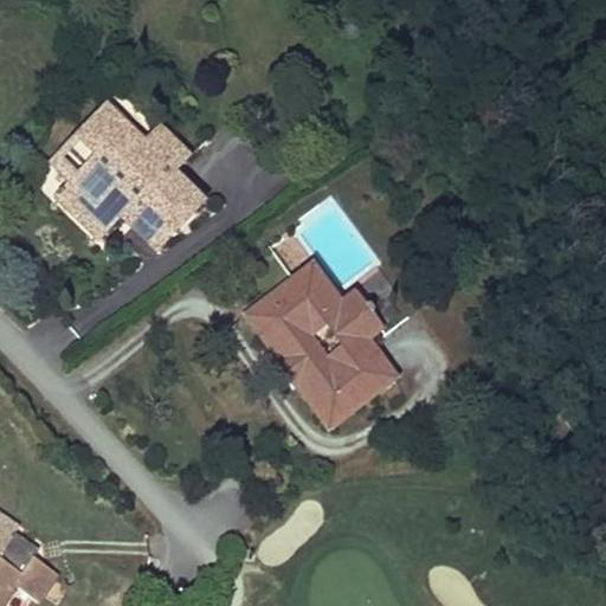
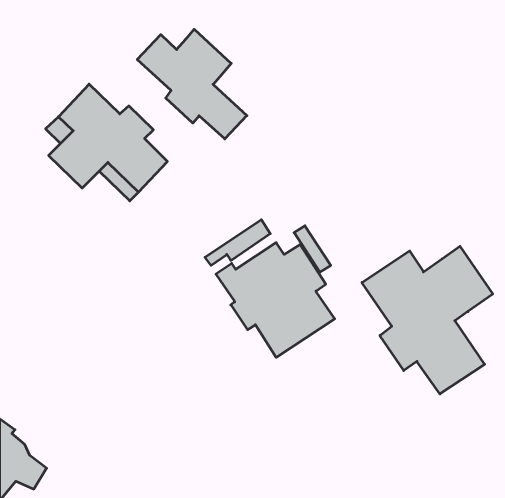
building: none -> [137,29,247,139]
building: none -> [362,246,493,394]

